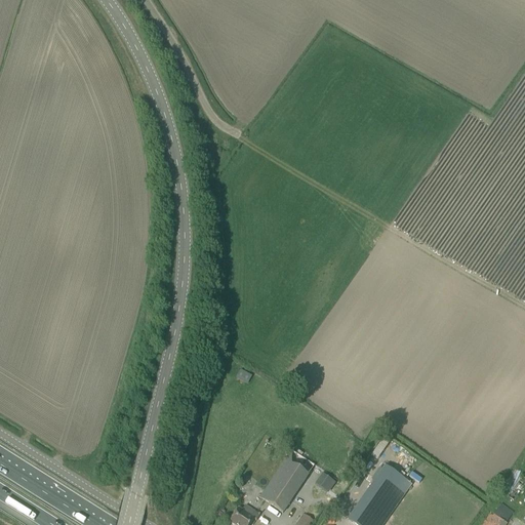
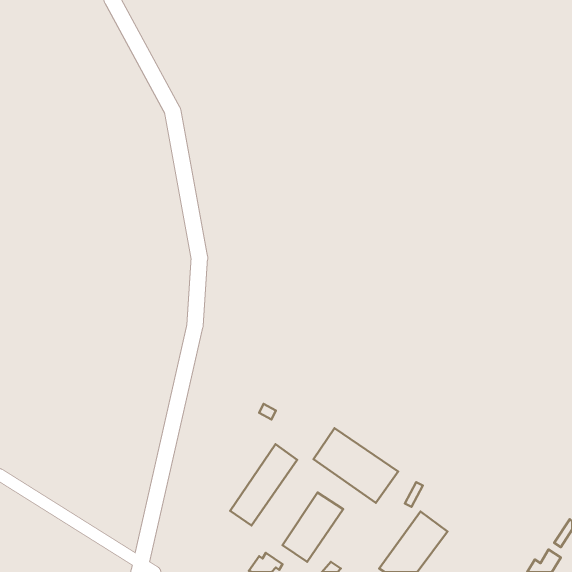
building: none -> [313,428,398,503]
building: none -> [230,444,297,525]

